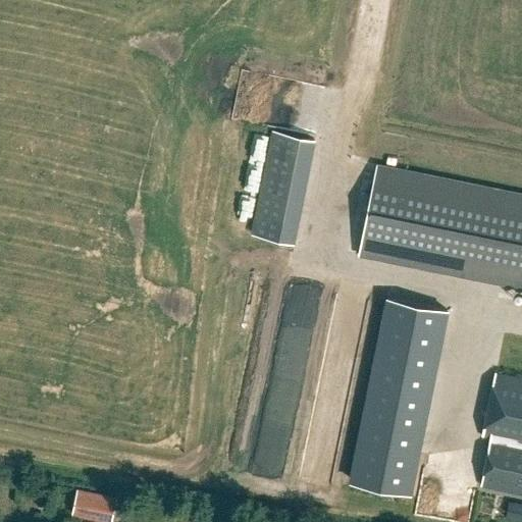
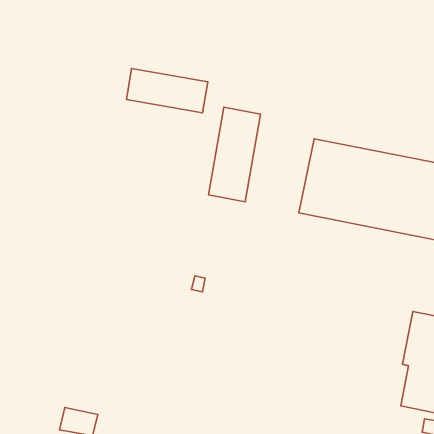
building: none -> [126,69,208,113]
building: [352,300,449,493] -> none

